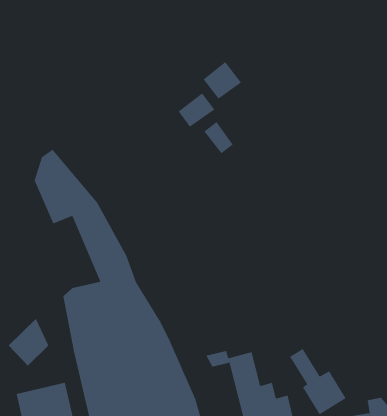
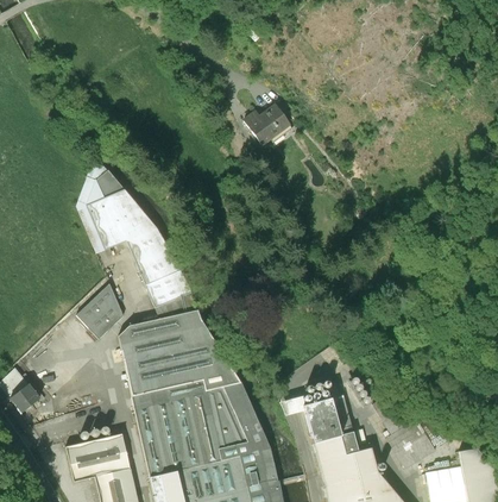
building: [203,61,242,99] -> none
building: [203,121,234,154] -> none
building: [8,318,49,367] -> [77,285,124,340]

